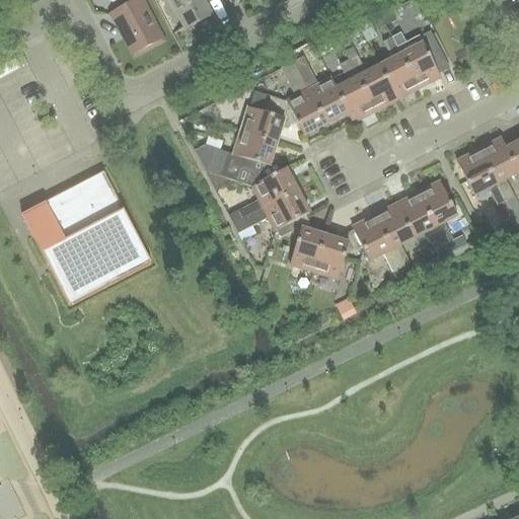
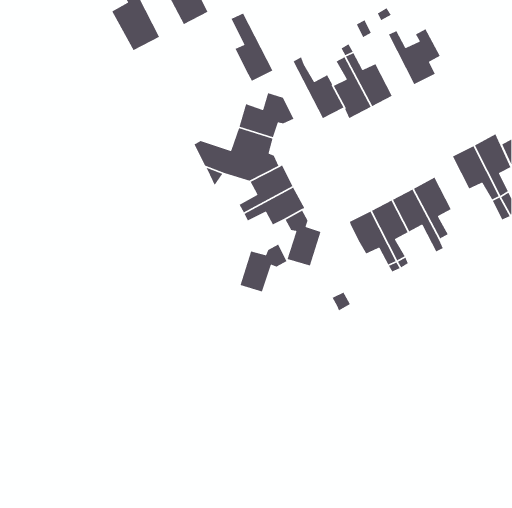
building: [380,34,419,97] -> none
building: [283,62,326,132] -> [230,13,274,82]
building: [22,169,152,303] -> none
building: [314,227,363,277] -> [239,243,288,293]

